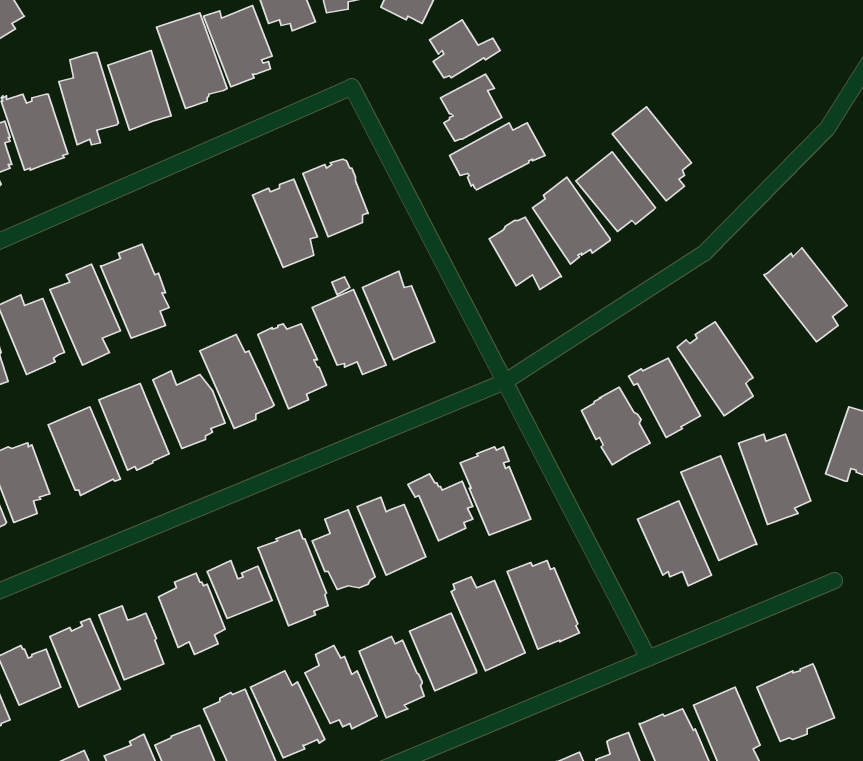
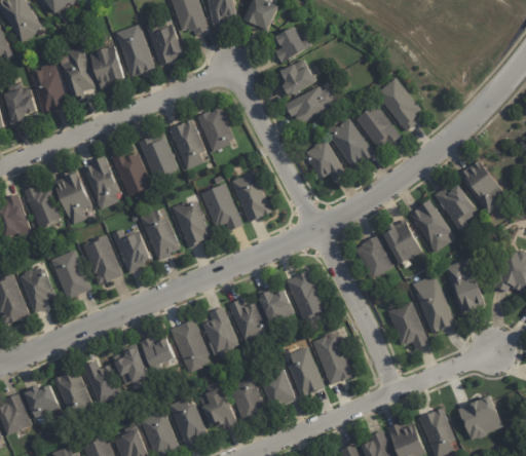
building: none -> [139,134,179,180]
building: none -> [110,148,152,197]
building: none -> [434,185,479,231]

